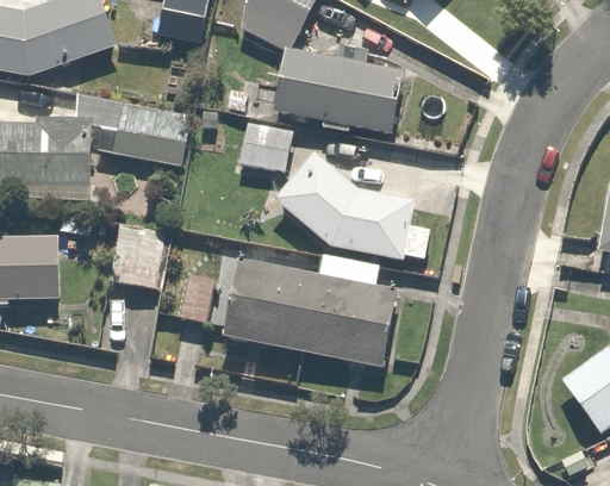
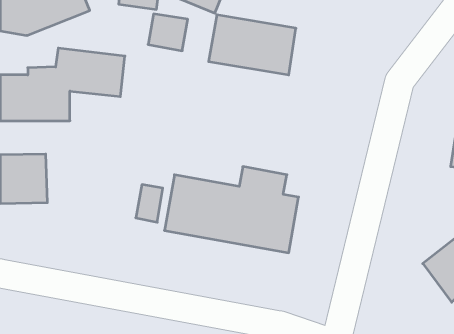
building: [238,123,291,172] -> [148,14,188,51]
building: [270,149,413,257] -> none
building: [107,232,164,286] -> none

